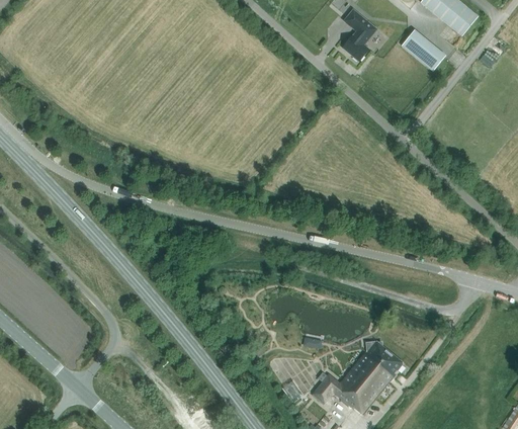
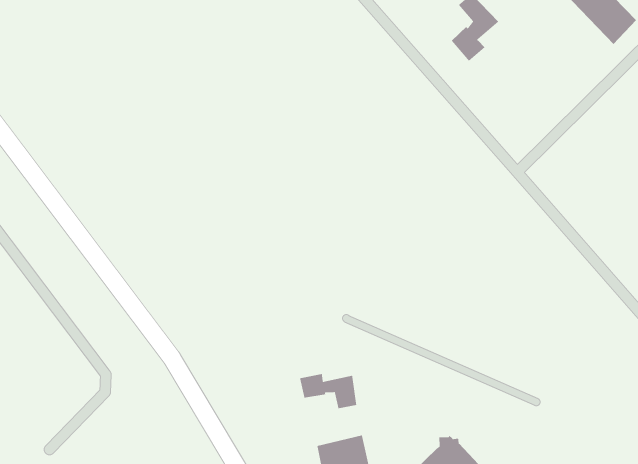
building: [403,28,449,73] -> none
building: none -> [299,373,357,409]

